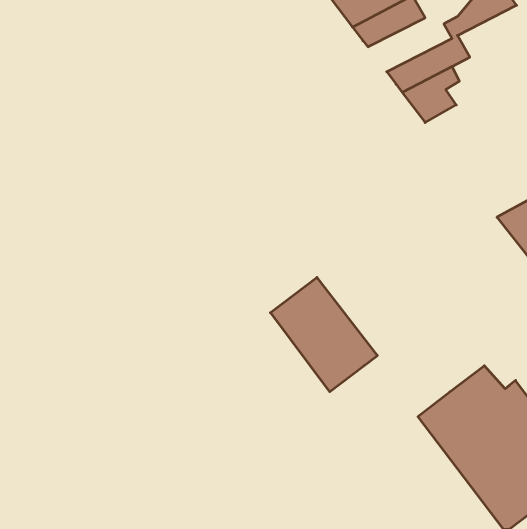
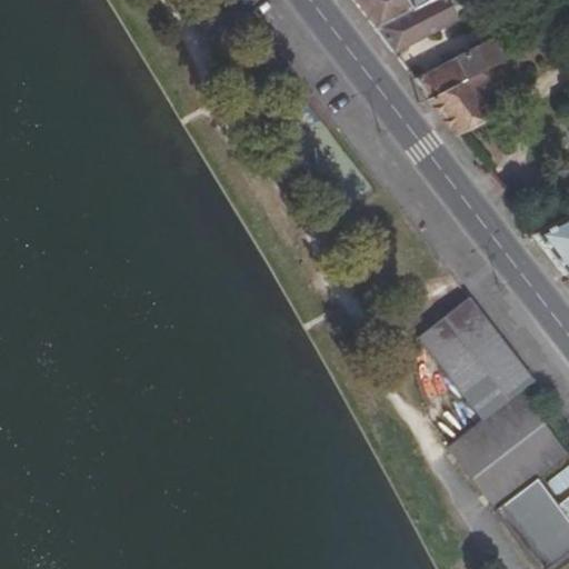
building: [270,277,377,392] -> [422,297,537,419]

